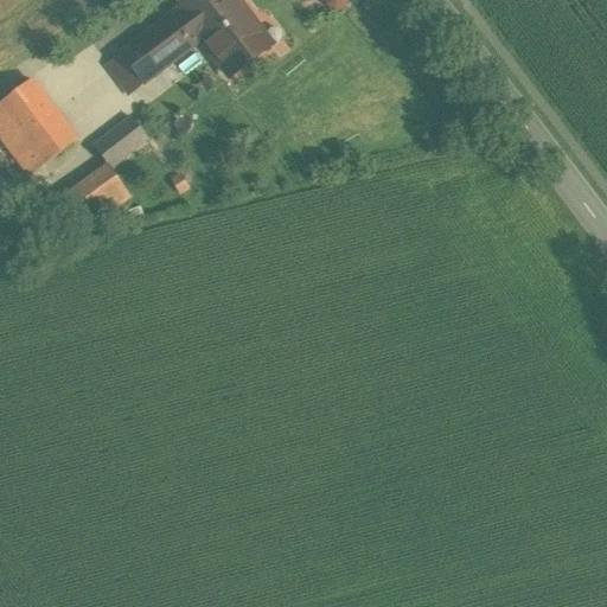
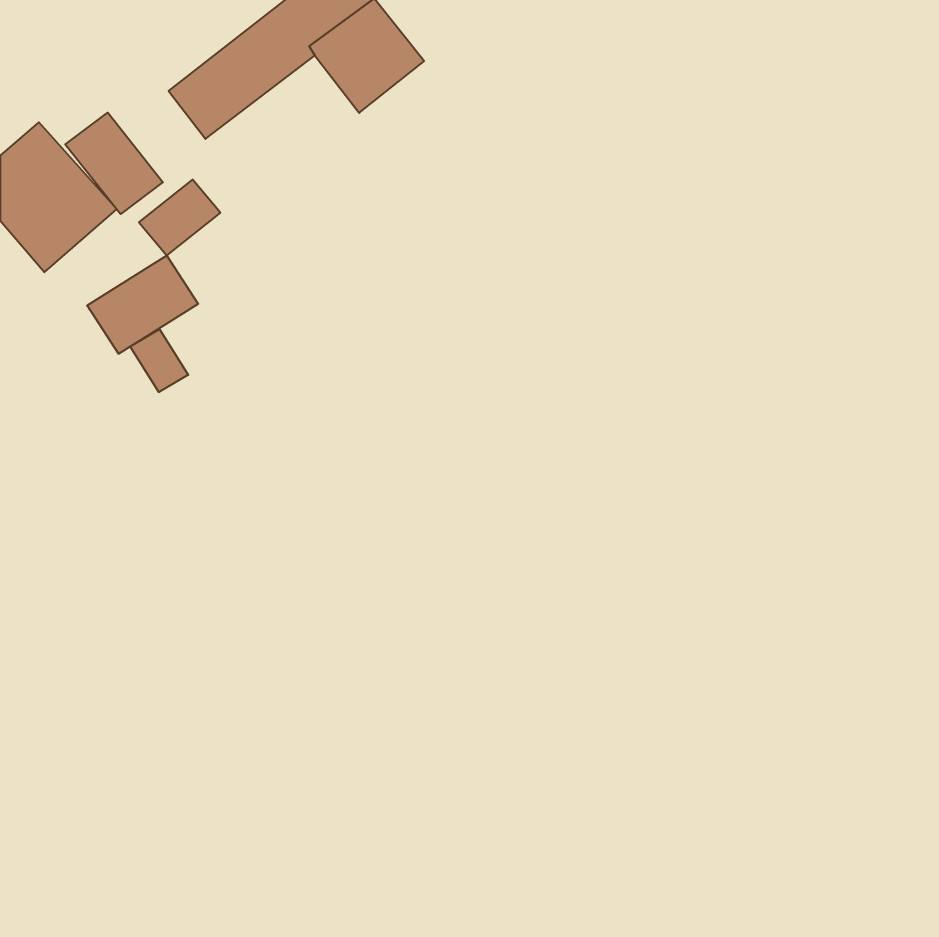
building: none -> [65,113,163,214]
building: none -> [130,329,188,392]

